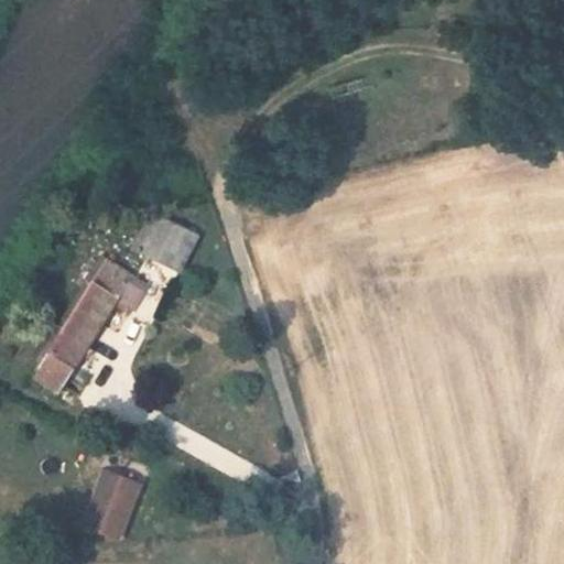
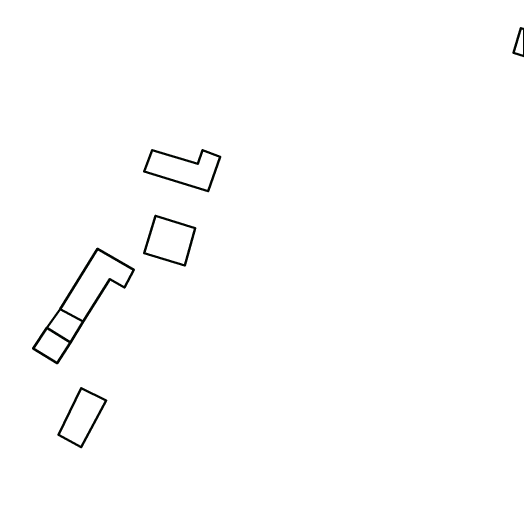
building: none -> [144,150,220,191]
building: [93,474,143,536] -> [58,388,106,447]

